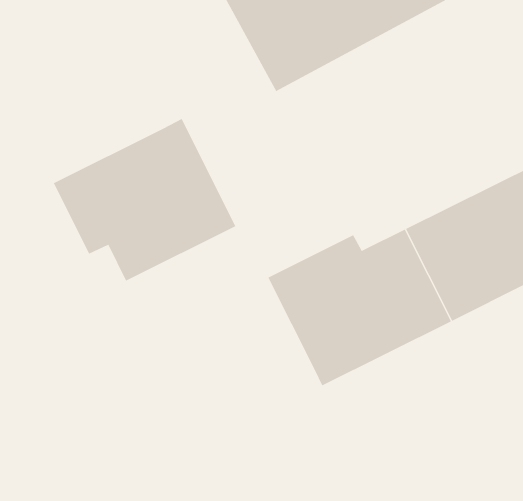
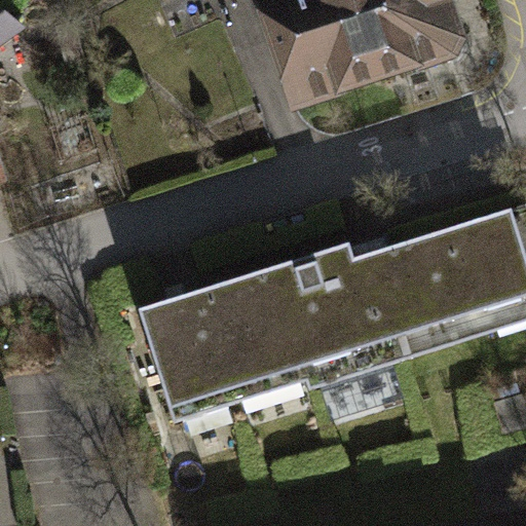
building: [53,118,236,281] -> none
building: none -> [143,271,288,406]

